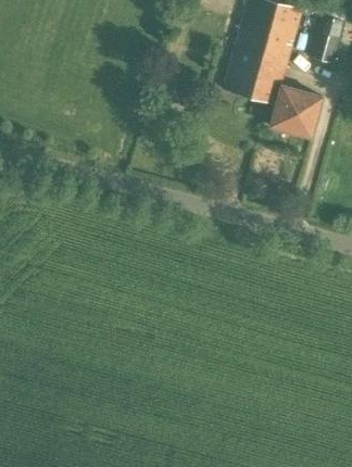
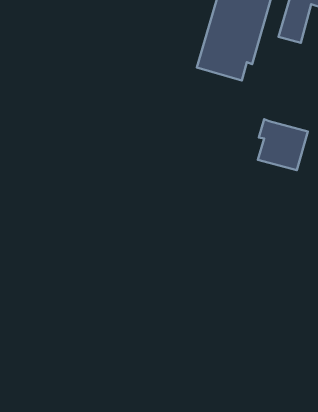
building: [269,84,323,138] -> [258,119,308,170]

